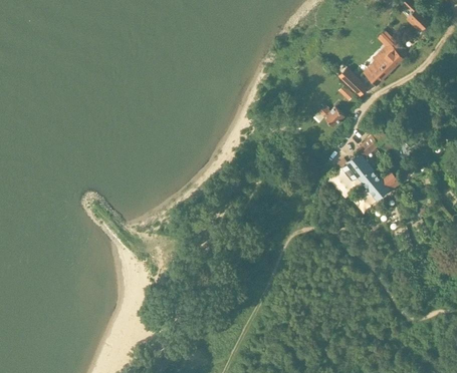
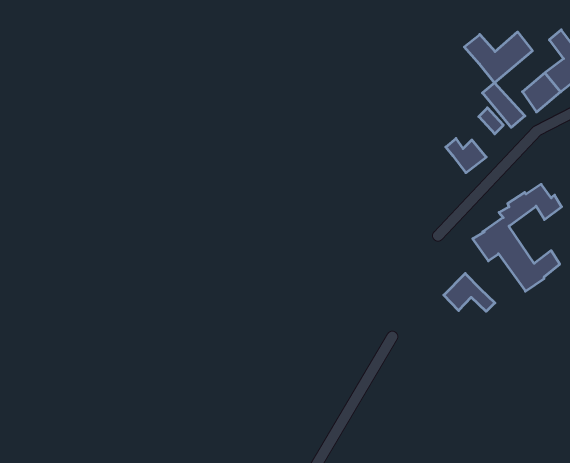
building: none -> [464,32,532,83]
building: none -> [444,273,495,311]

